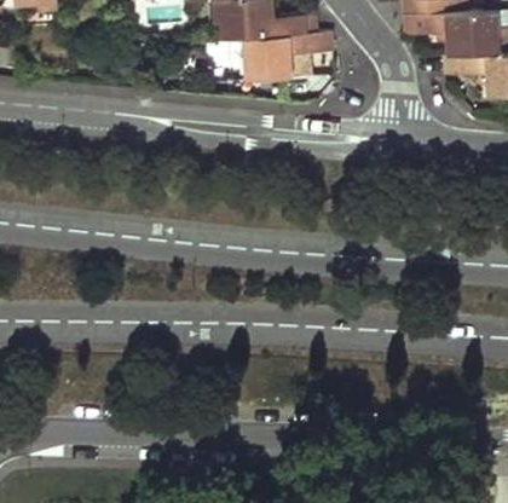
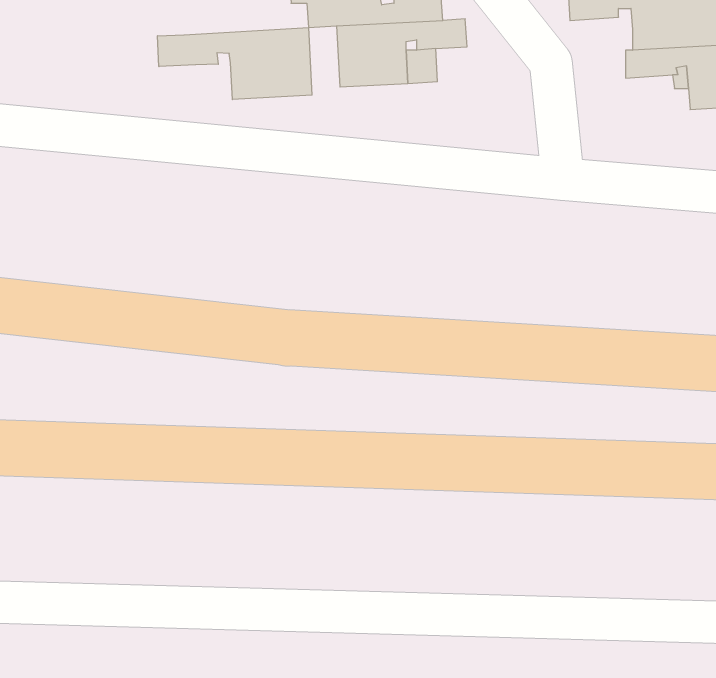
building: none -> [158,28,312,100]

